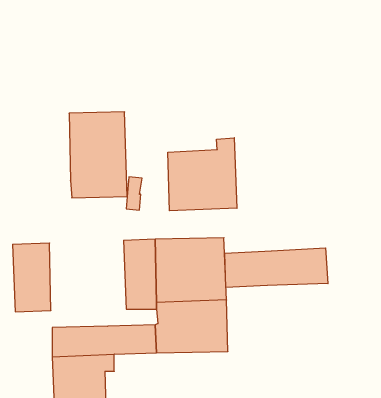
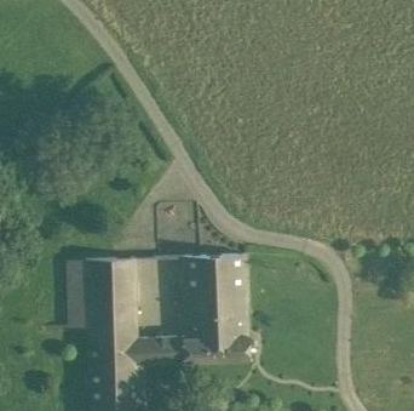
building: [69,112,127,198] -> [87,258,140,337]
building: [168,138,237,211] -> none
building: [225,248,328,287] -> none

